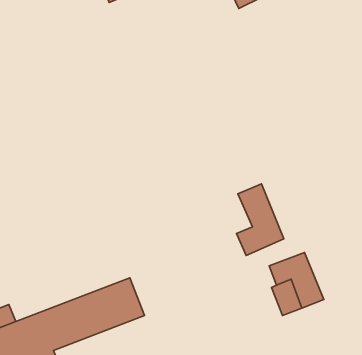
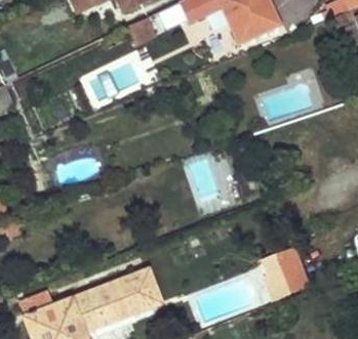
building: [237,184,284,255] -> none

